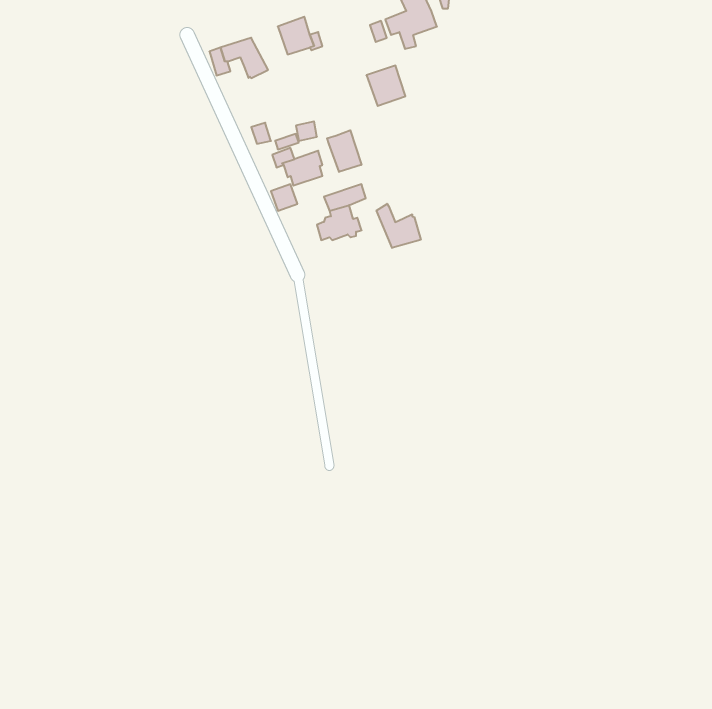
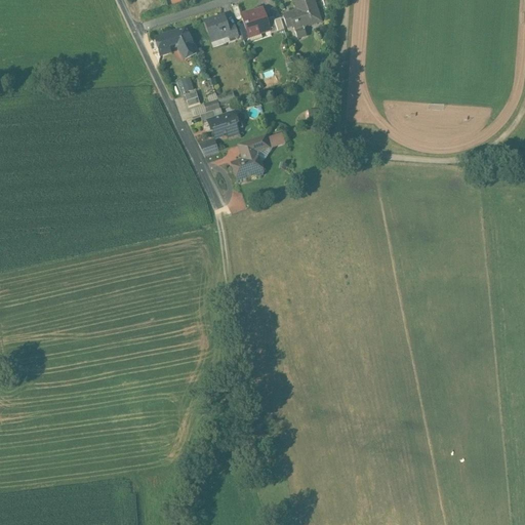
building: [366,66,405,106] -> [240,7,269,37]
building: [327,130,361,172] -> none
building: [377,204,421,248] -> none

